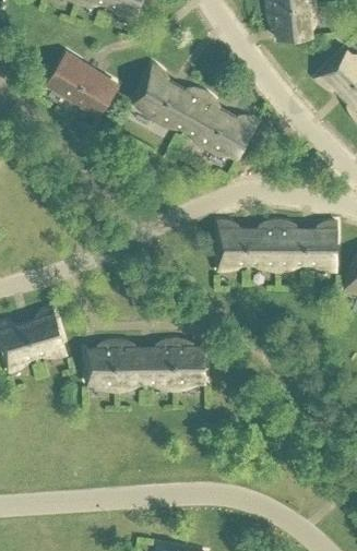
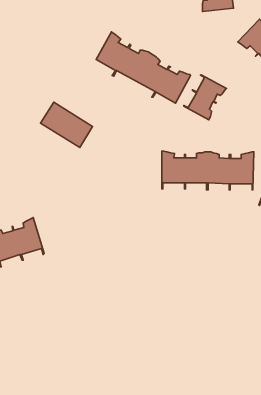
building: [48,56,116,115] -> [40,102,93,147]
building: none -> [184,75,226,120]
building: [87,342,205,391] -> none

